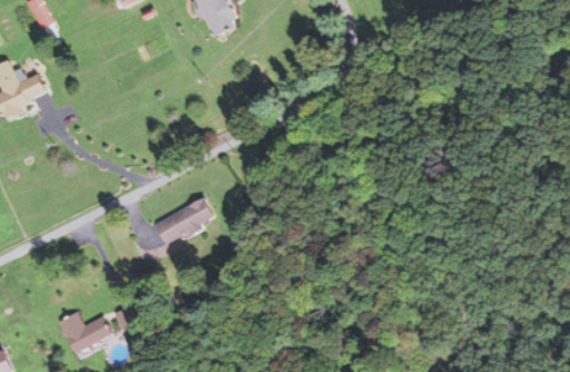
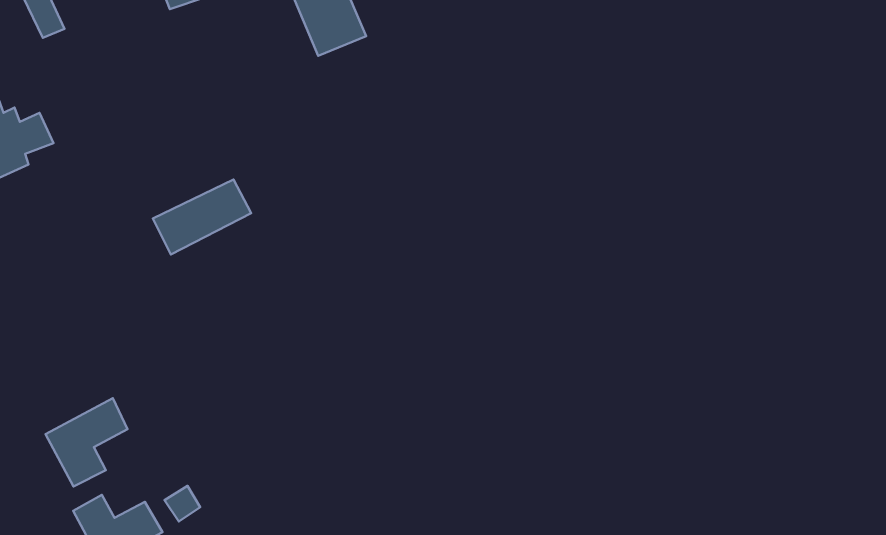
building: [154,197,215,244] -> [153,179,251,254]
building: none -> [46,398,128,487]

